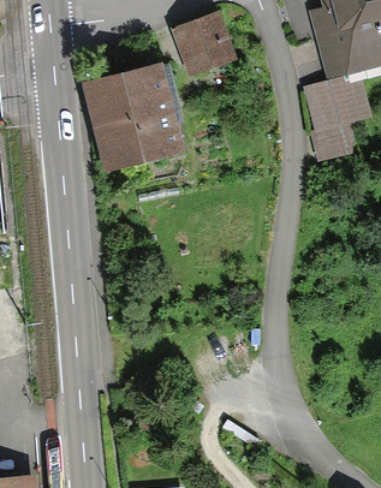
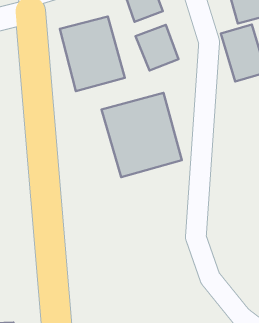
building: none -> [135,25,178,70]
building: none -> [102,93,182,177]

